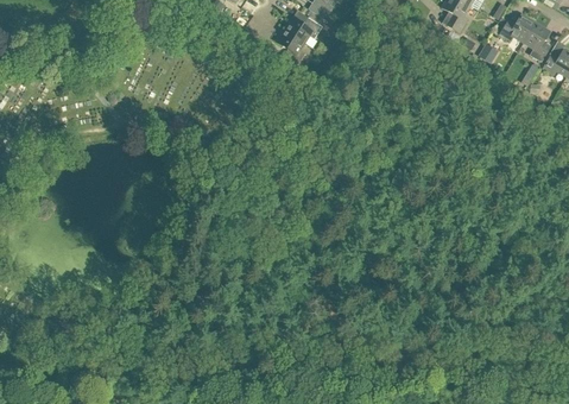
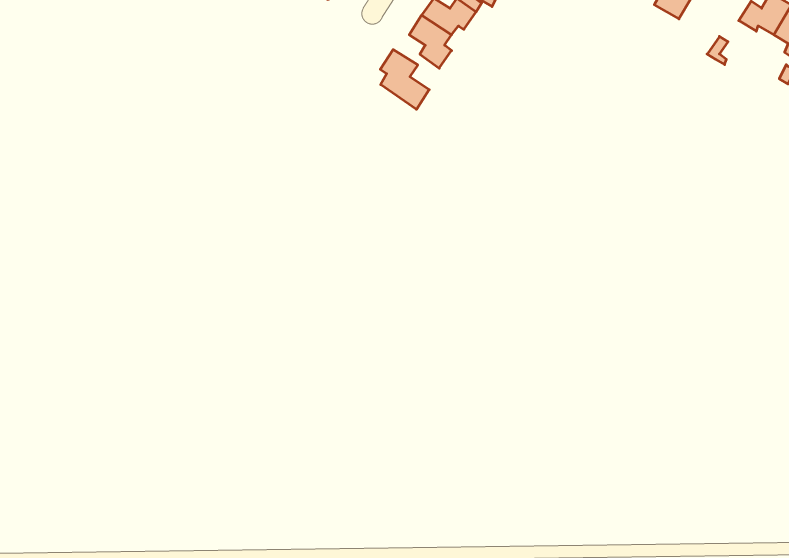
building: none -> [380,50,429,109]

